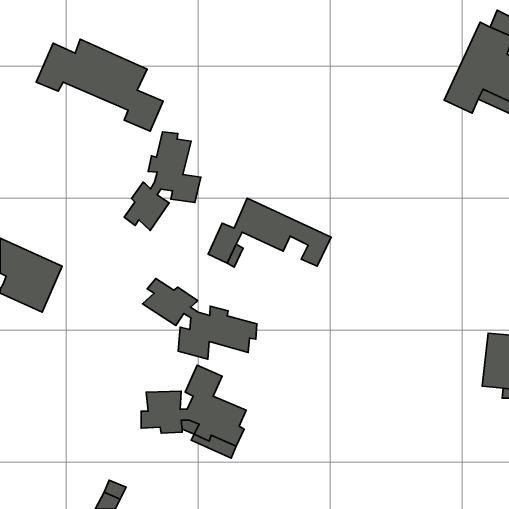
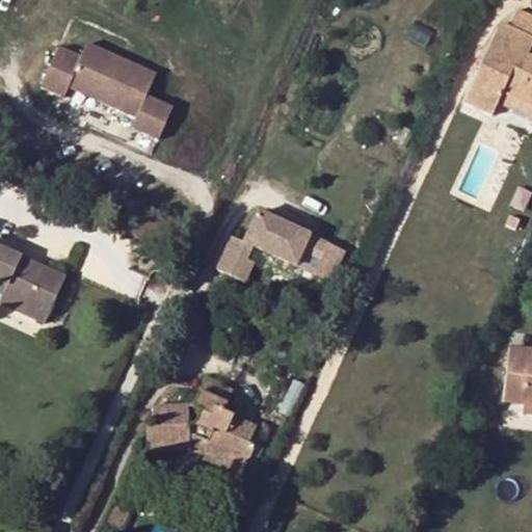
building: [124,132,201,231] -> none
building: [143,278,257,359] -> none

